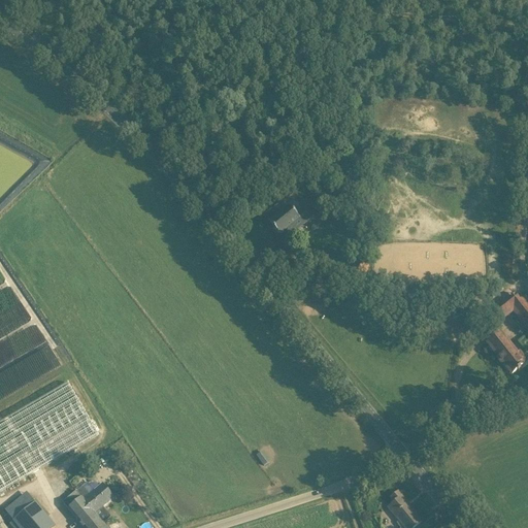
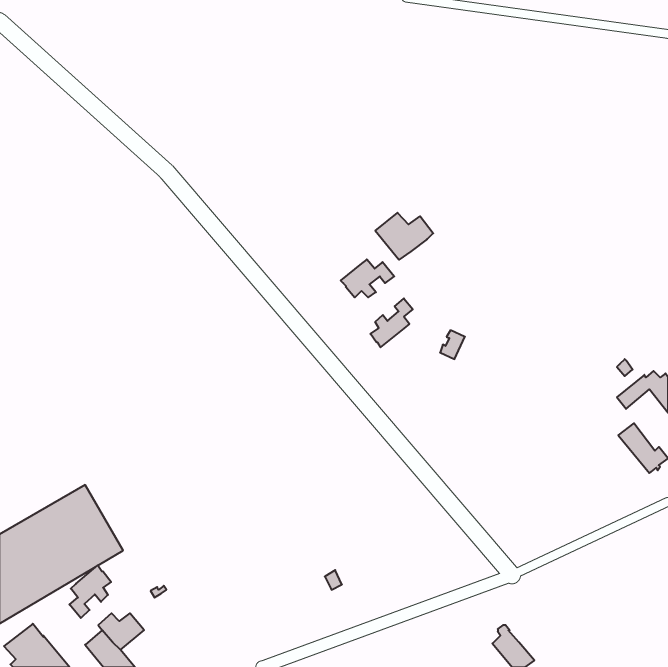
building: none -> [375,213,433,260]
building: none -> [370,298,413,347]
building: none -> [69,565,111,618]

